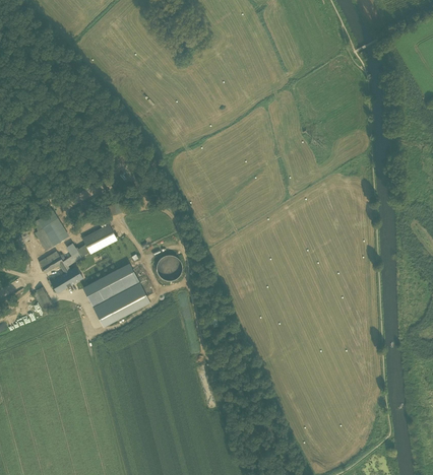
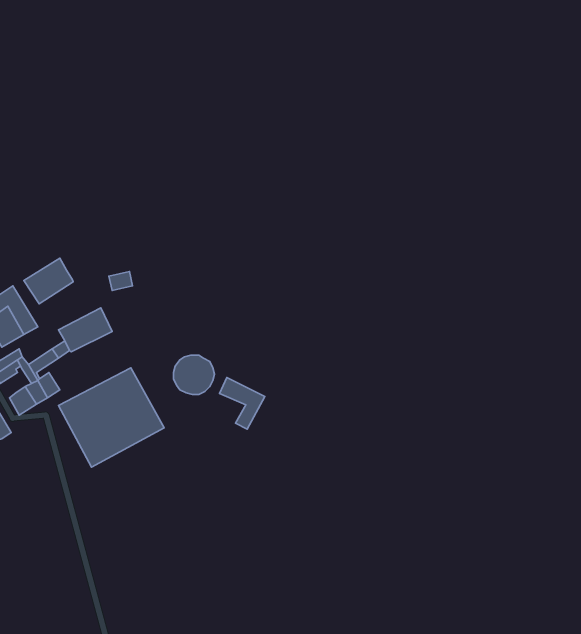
building: none -> [24,258,73,304]
building: none -> [220,378,265,429]

